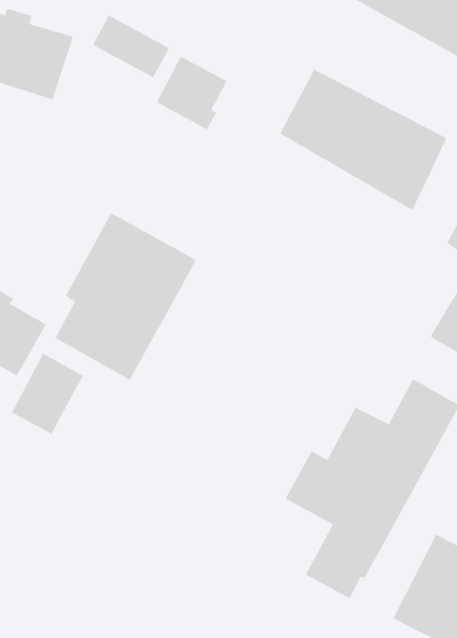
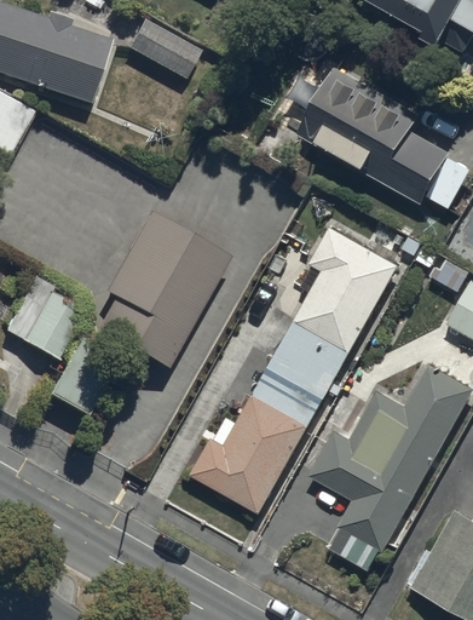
building: [156,55,228,131] -> none
building: none -> [191,225,399,513]

